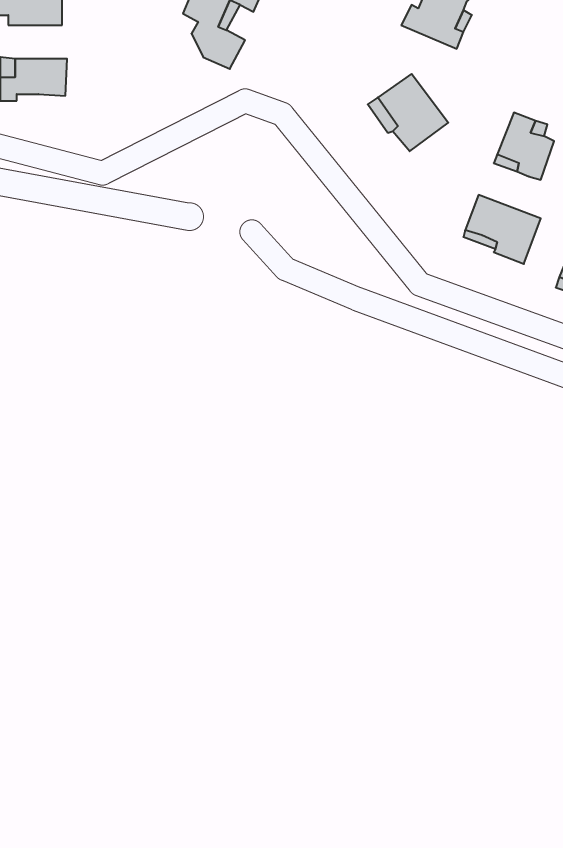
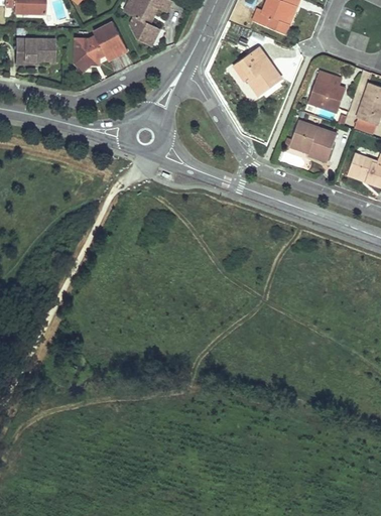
building: none -> [73,22,125,63]

